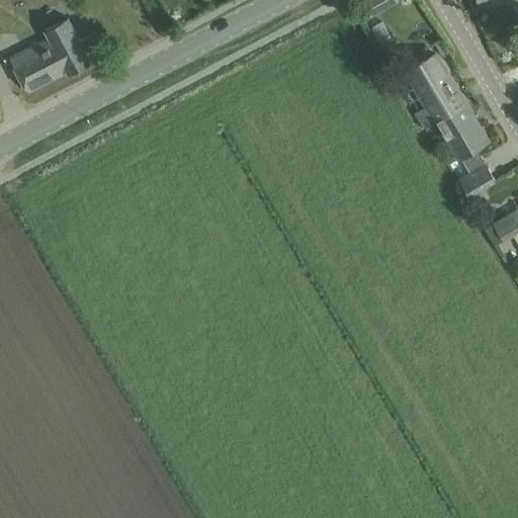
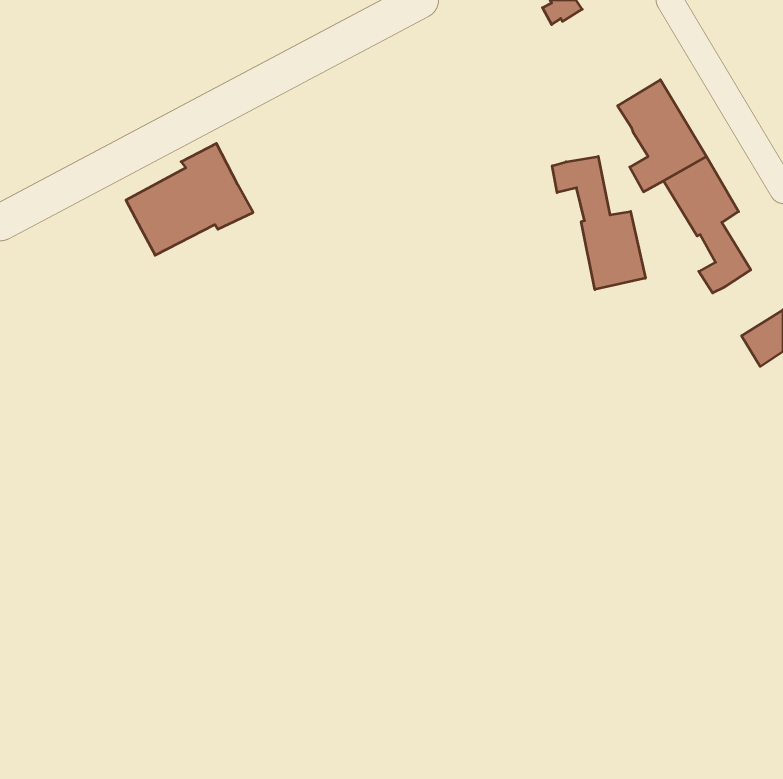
building: [8,19,92,93] -> [126,143,253,255]
building: none -> [552,156,645,290]

